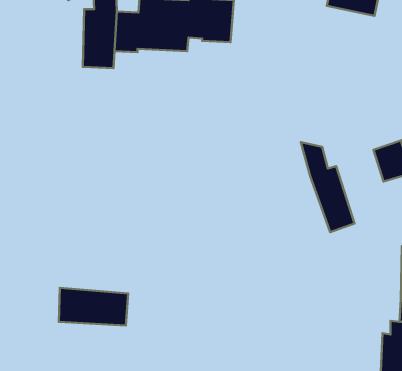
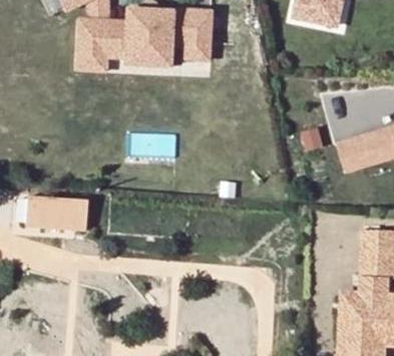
building: [301,142,355,232] -> none
building: [59,288,128,325] -> [27,196,88,229]

